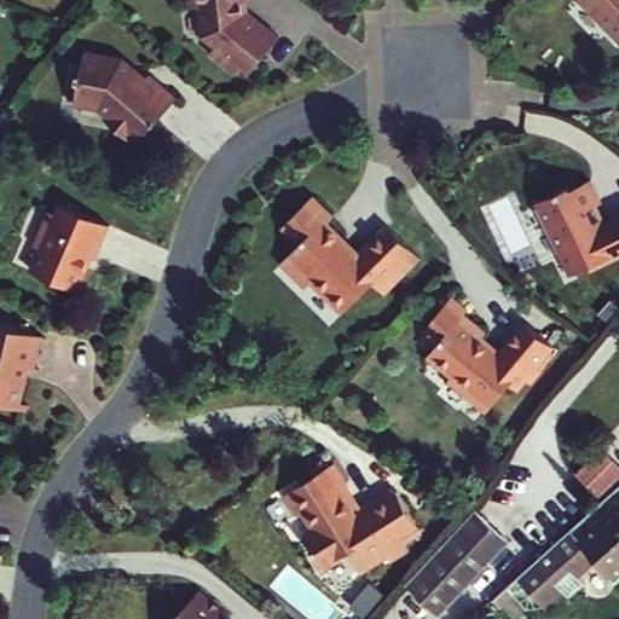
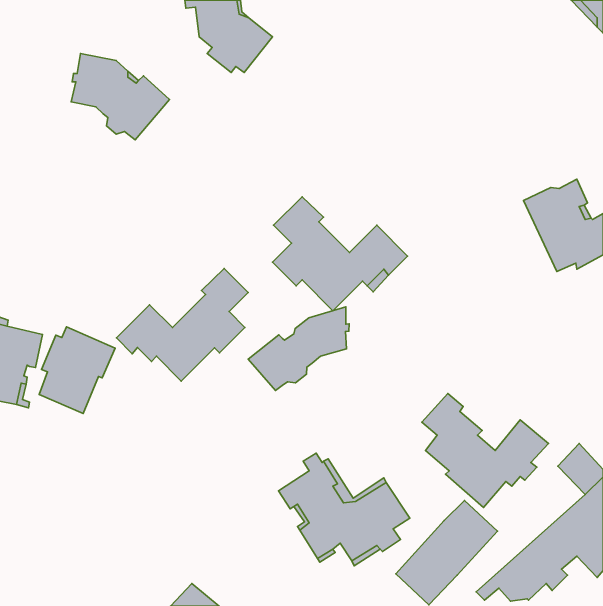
building: [30,208,108,296] -> [39,327,115,413]
building: none -> [116,269,248,381]
building: [422,299,551,415] -> [422,394,549,507]
building: none -> [248,307,349,390]

